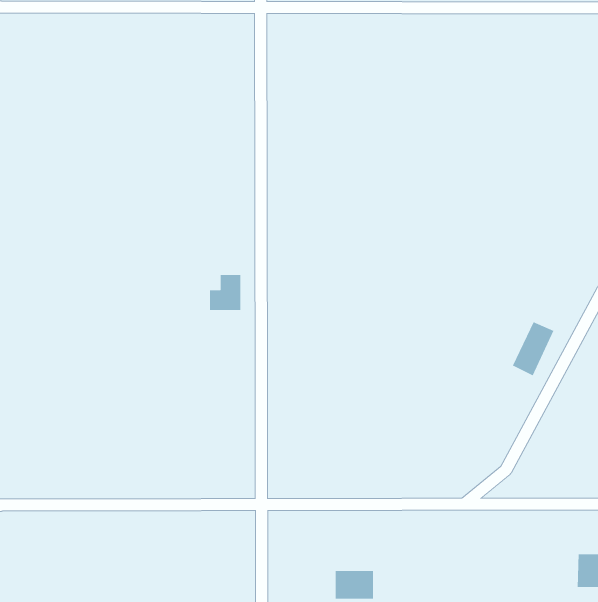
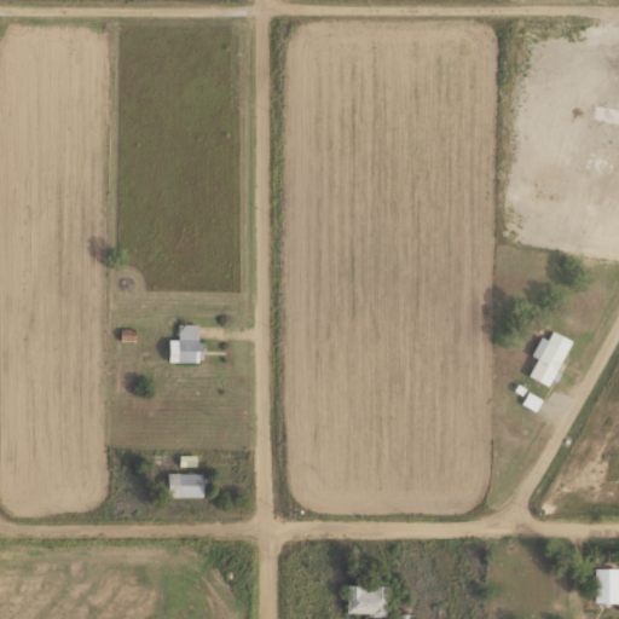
building: [209,274,241,311] -> [169,324,202,361]
building: none -> [167,473,203,497]

